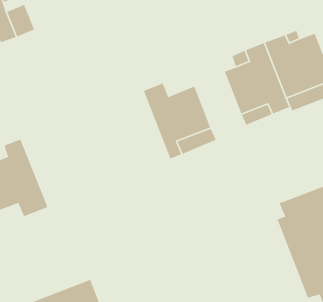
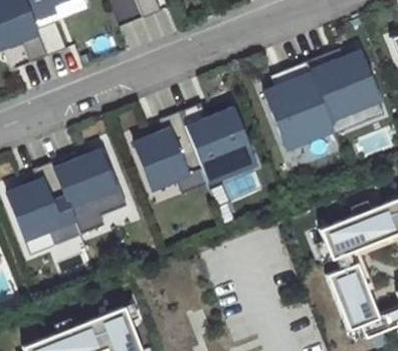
building: none -> [135,110,208,193]
building: none -> [52,146,128,233]

